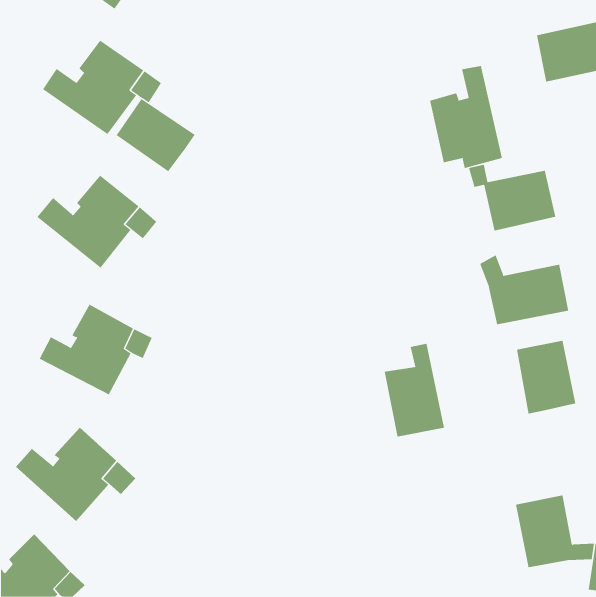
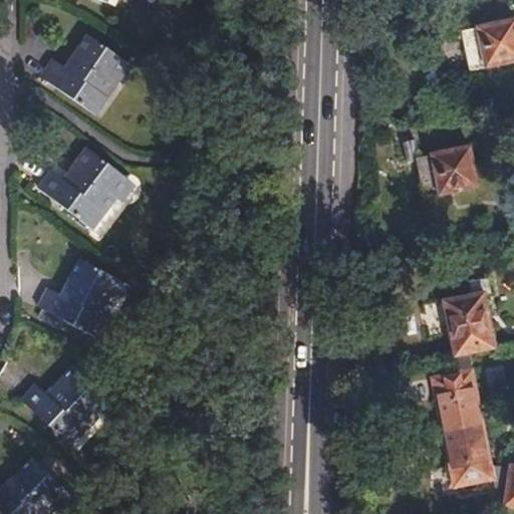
building: [430,65,502,169] -> none
building: [116,98,196,172] -> none
building: [480,255,569,325] -> none
building: [384,343,445,437] -> [433,351,485,432]

